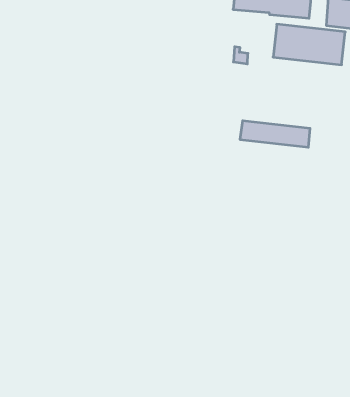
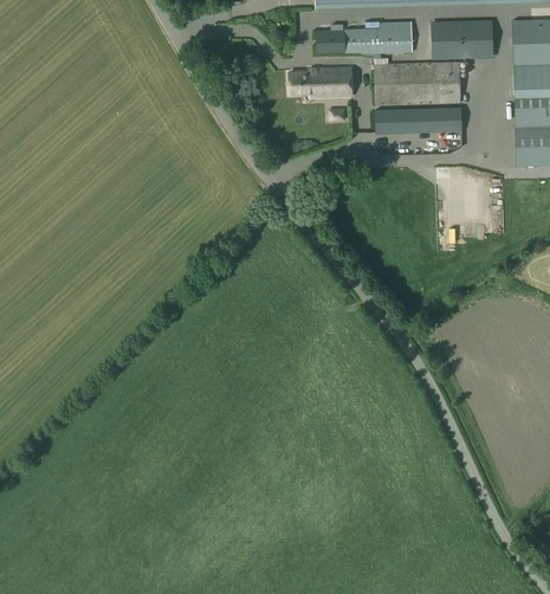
building: none -> [287,67,350,97]
building: [240,121,310,147] -> [375,108,461,134]

